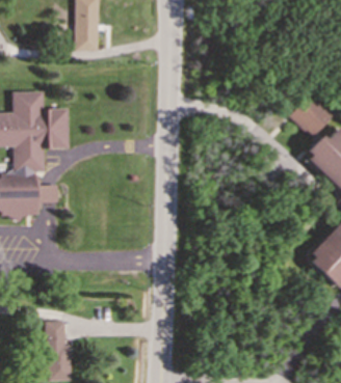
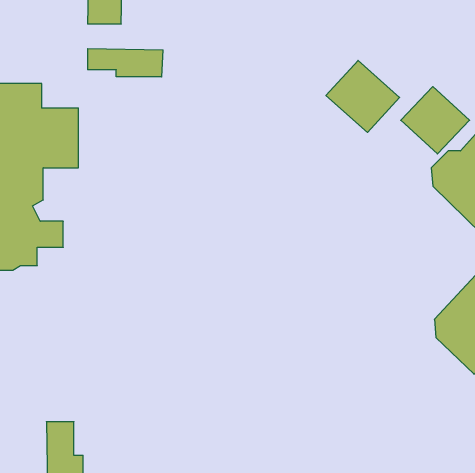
building: none -> [88,49,163,77]
building: none -> [326,60,400,132]

